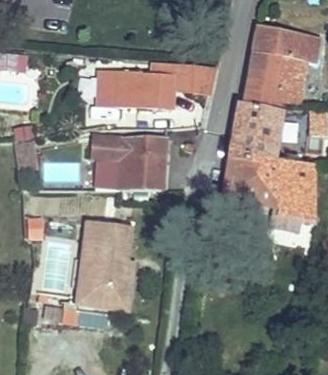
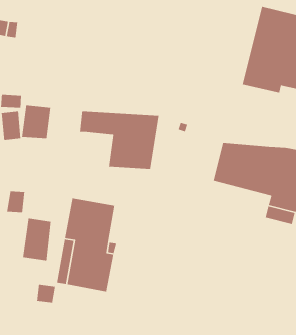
building: [98,62,213,110] -> none
building: [228,102,281,159] -> none
building: [95,157,122,189] -> [21,105,51,139]

